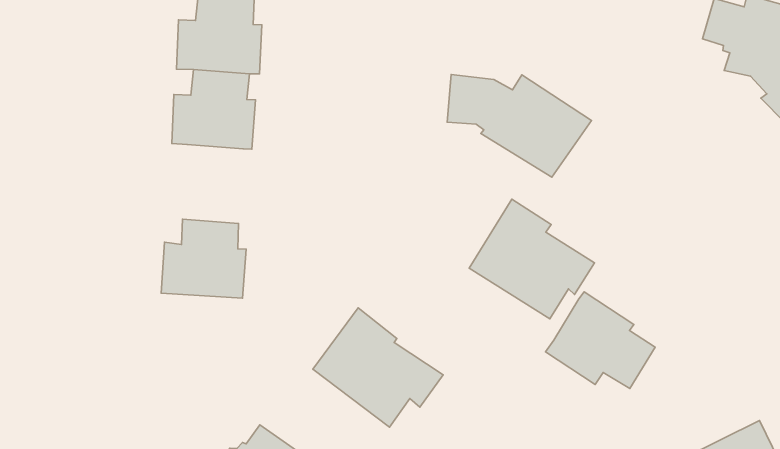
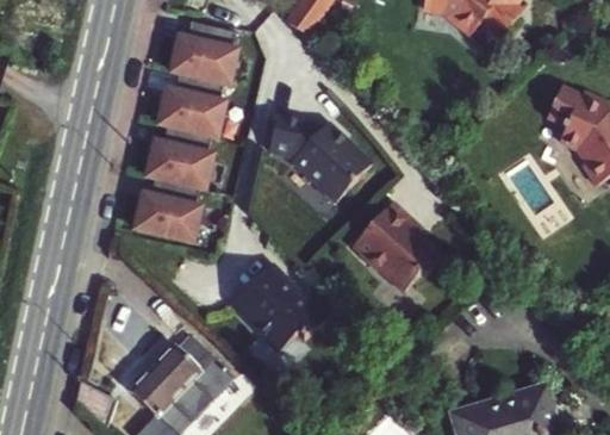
building: [447,75,591,177] -> [268,118,371,203]
building: none -> [144,126,210,189]
building: [545,292,655,388] -> none

